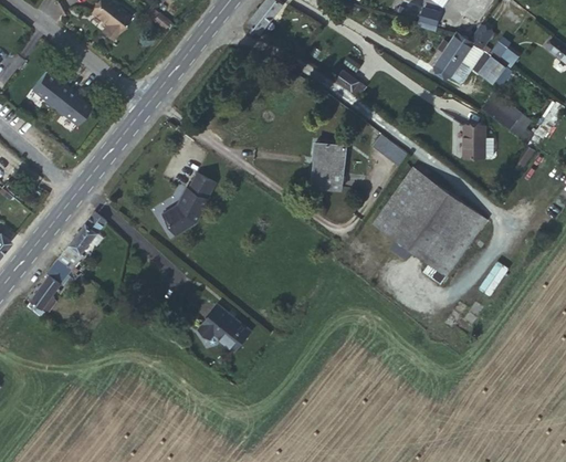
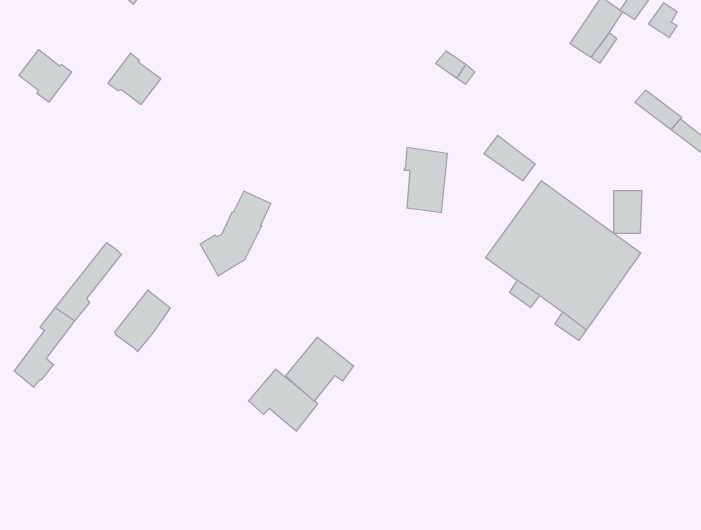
building: [478,55,507,86] -> none
building: [52,86,91,124] -> [108,53,161,104]
building: [463,125,484,156] -> [613,191,642,233]
building: none -> [115,290,170,352]
building: none -> [285,337,354,401]

